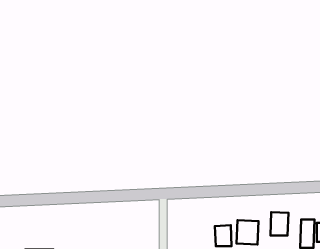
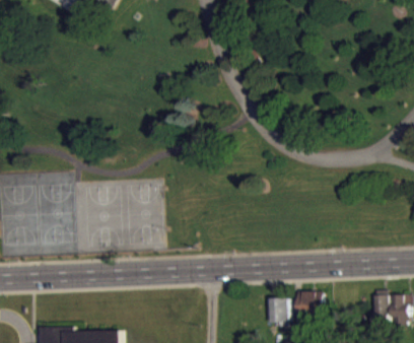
building: [270,212,288,236] -> none

